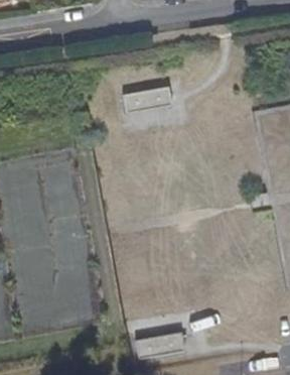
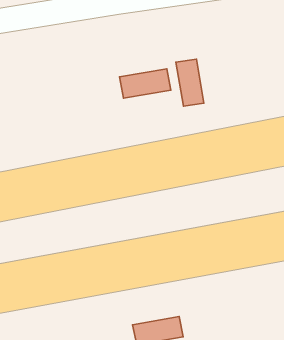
building: none -> [176,59,204,106]

